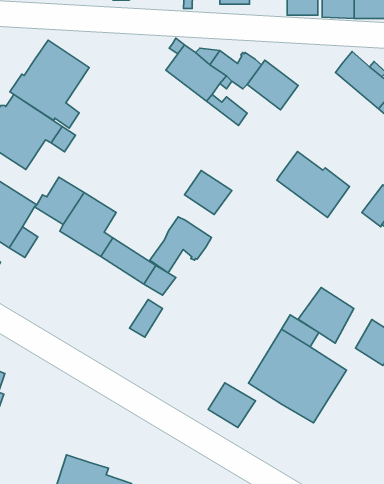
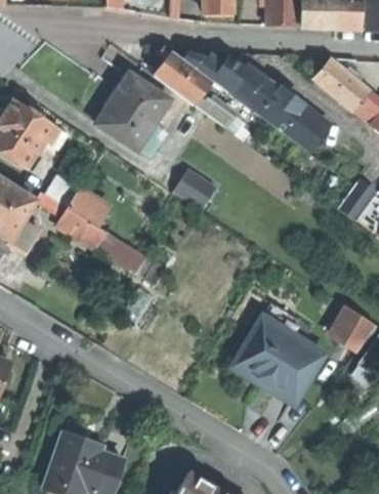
building: [10,40,89,128] -> [95,74,169,156]
building: [277,151,349,217] -> [259,89,327,151]
building: [150,217,211,273] -> none
building: [298,287,354,343] -> none
building: [208,383,255,428] -> none

